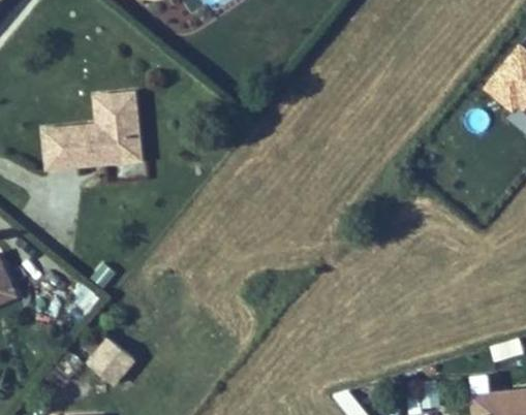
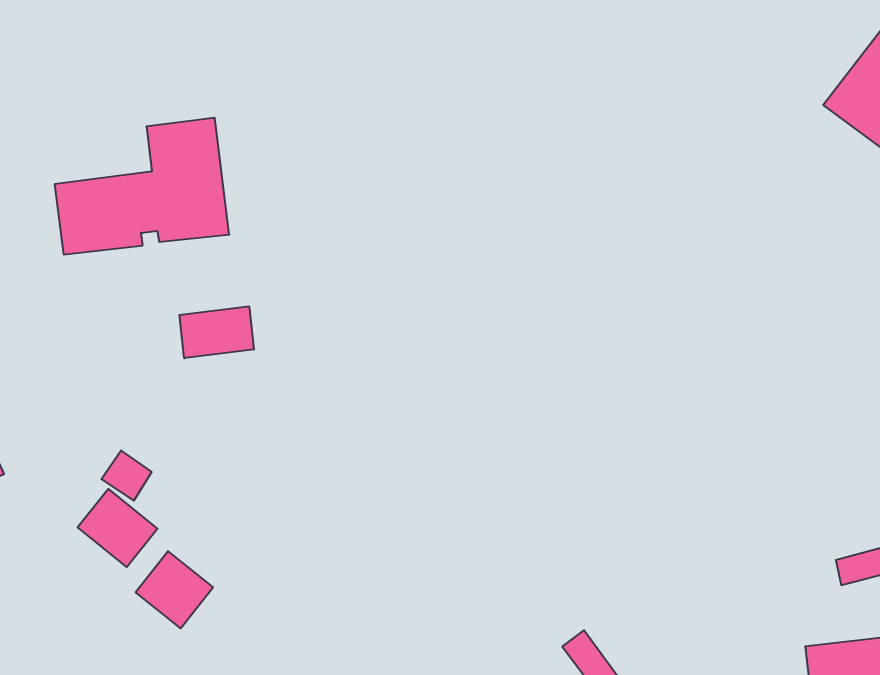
building: none -> [179,306,254,358]
building: none -> [78,489,157,567]

